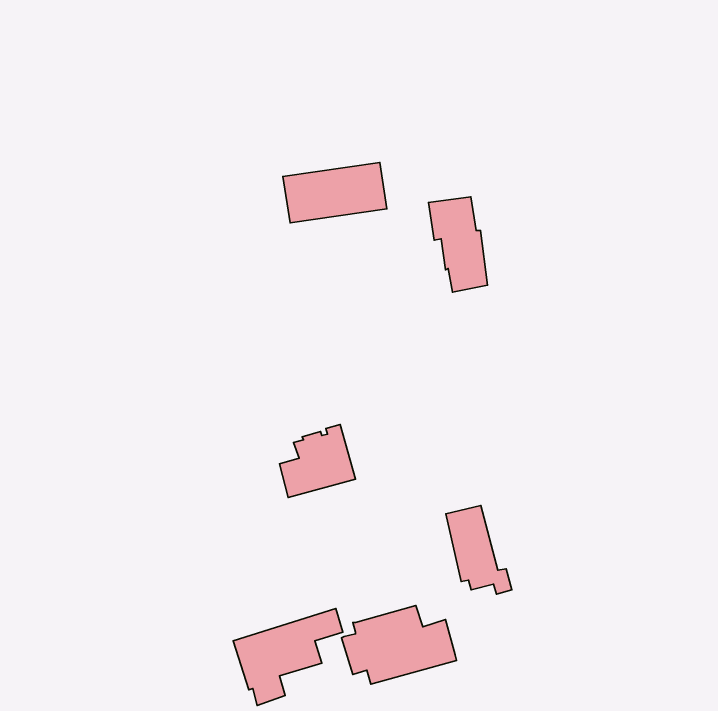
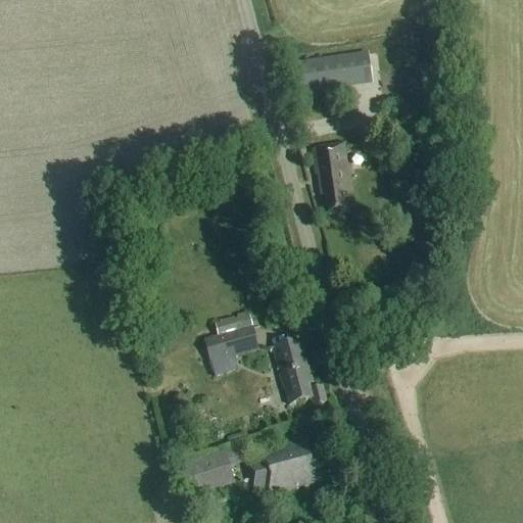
building: [283,163,387,223] -> [297,49,373,93]
building: [446,506,512,594] -> [276,342,324,407]

